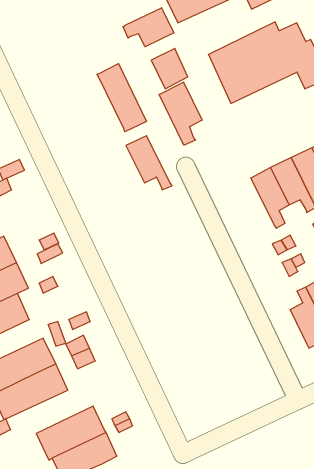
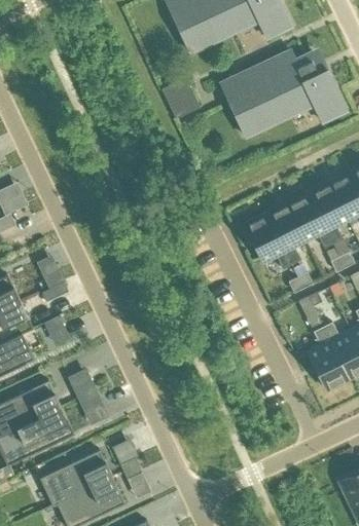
building: [123,8,174,47] -> none
building: [97,64,147,132] -> none
building: [159,82,202,145] -> none
building: [126,136,172,190] -> [243,213,291,269]

